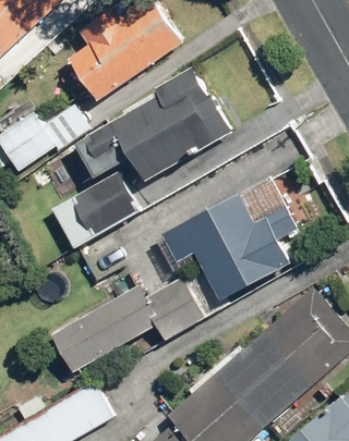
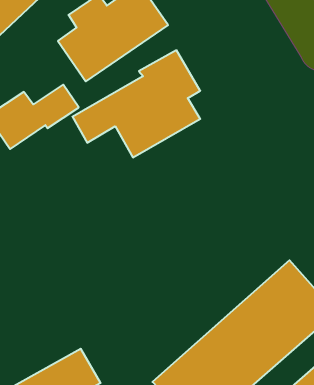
building: [49,171,139,248] -> none
building: [160,193,297,302] -> none
building: [48,277,204,375] -> none

